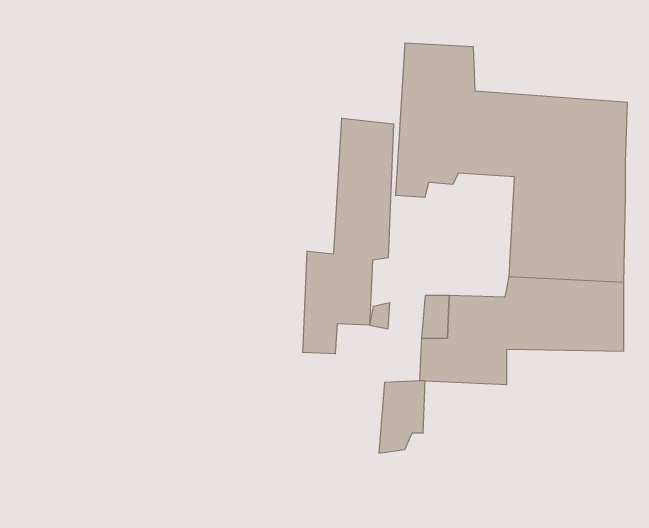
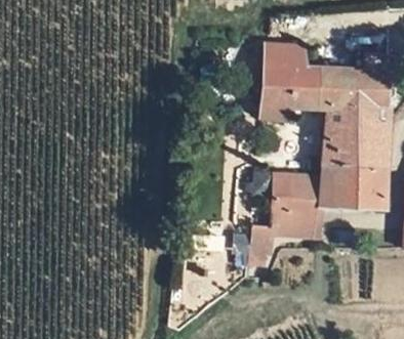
building: [303,118,394,354] -> none

